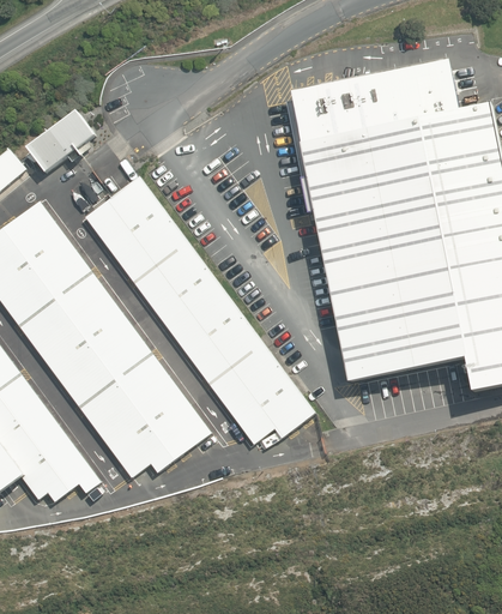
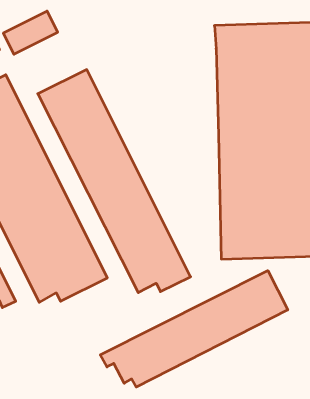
building: none -> [100,271,288,387]

